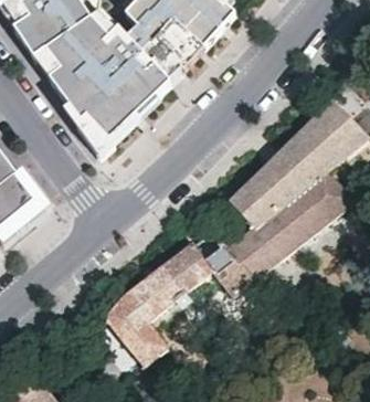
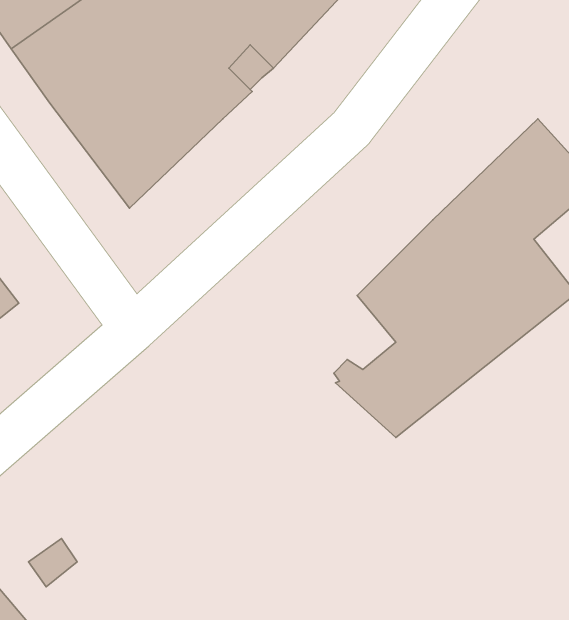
building: [105,240,252,364] -> none

